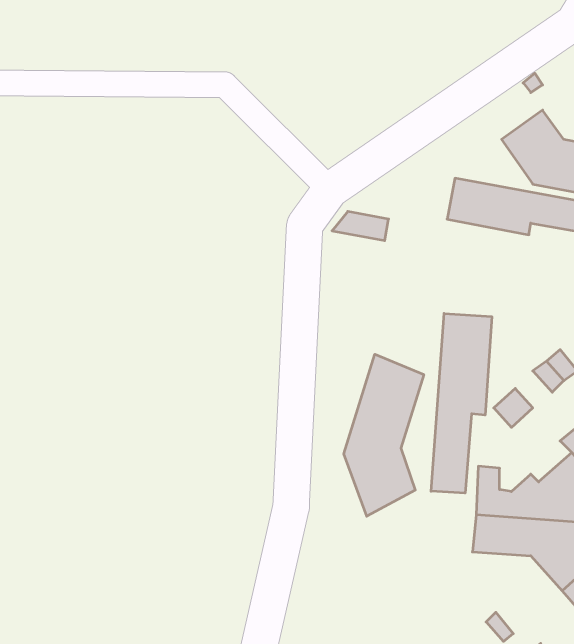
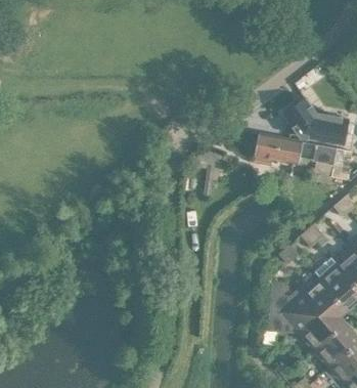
building: [431,313,492,493] -> none
building: [344,354,424,516] -> none

